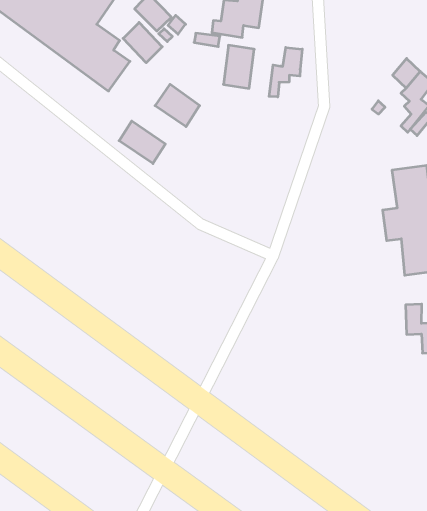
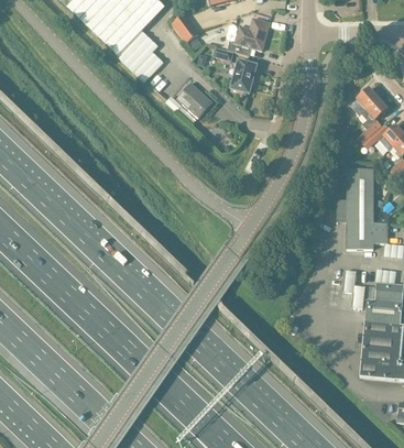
building: [123,22,162,63] -> none
building: [269,47,302,97] -> none
building: [119,121,165,164] -> none

